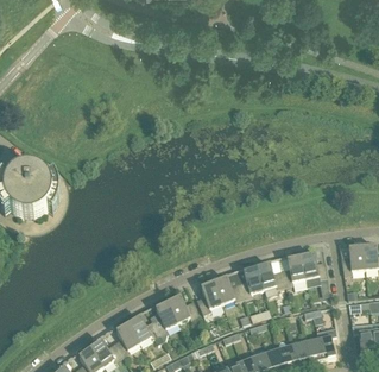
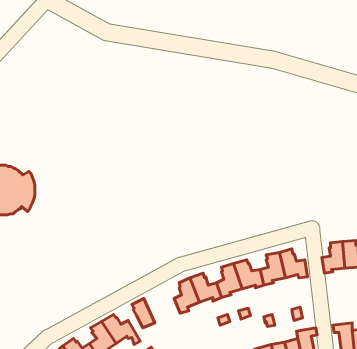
building: [166,292,198,321] -> none

